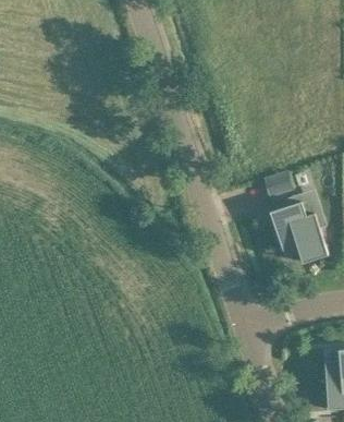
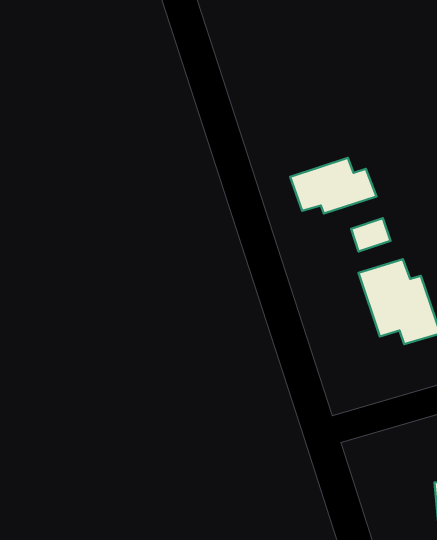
building: none -> [290,158,376,214]

